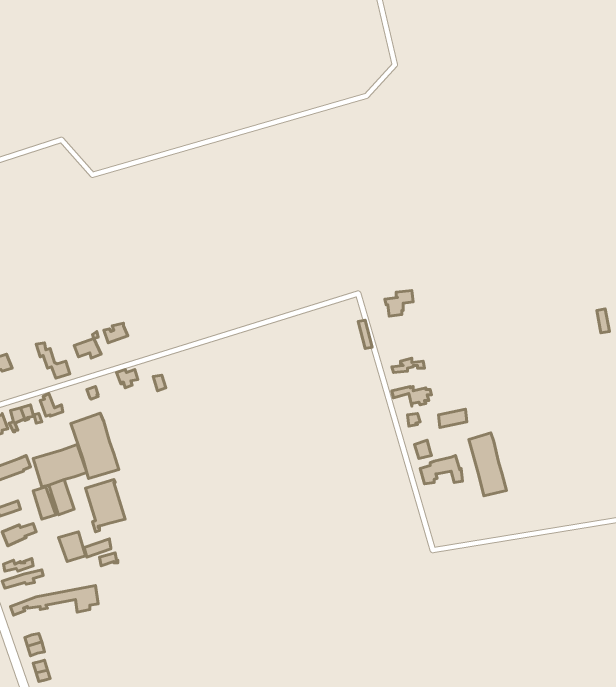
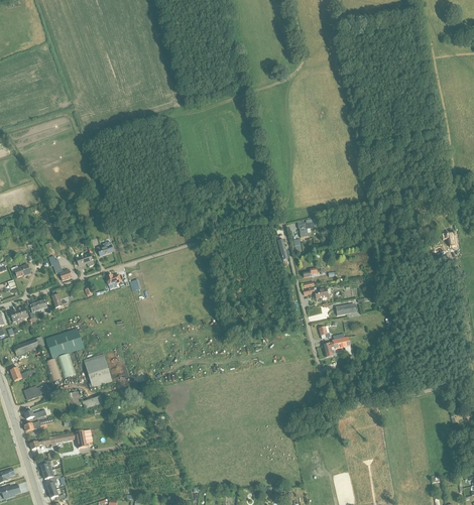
building: [71,413,119,478] -> none
building: [469,433,507,496] -> none

